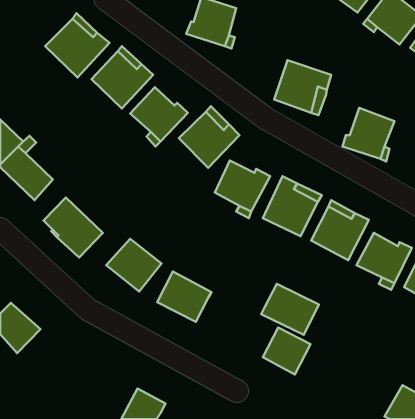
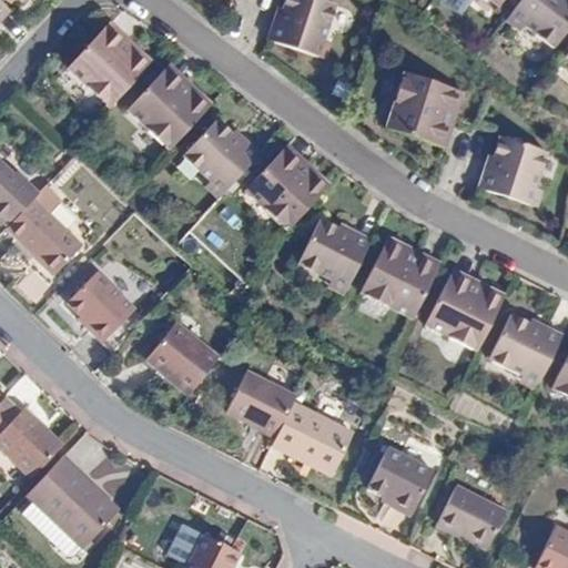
building: [261,284,319,335] -> [267,402,345,470]
building: none -> [28,458,119,549]
building: none -> [434,481,501,544]

